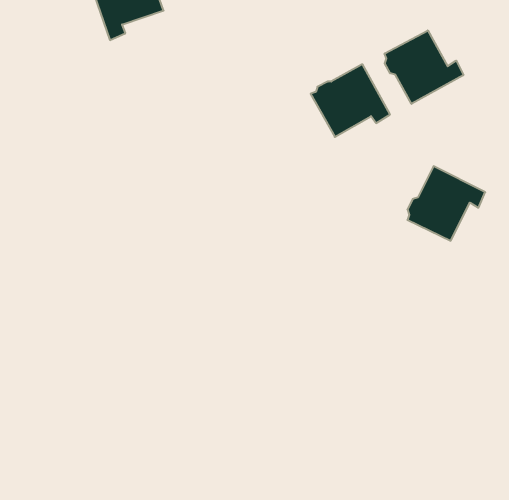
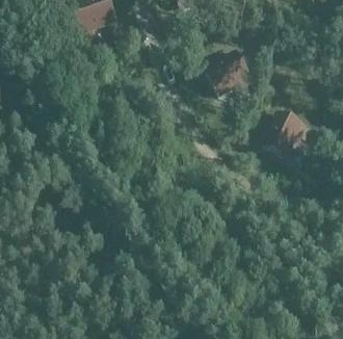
building: [385,30,463,104] -> none

